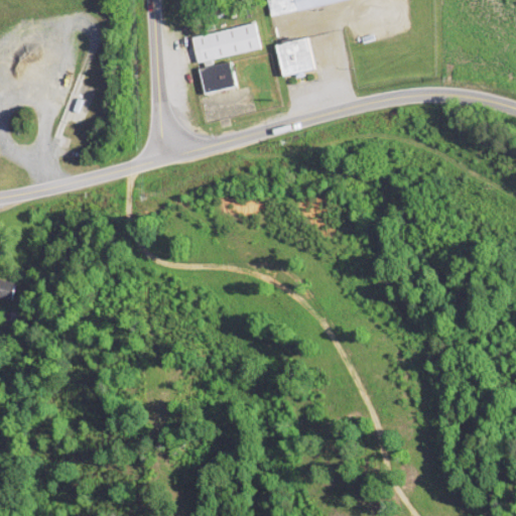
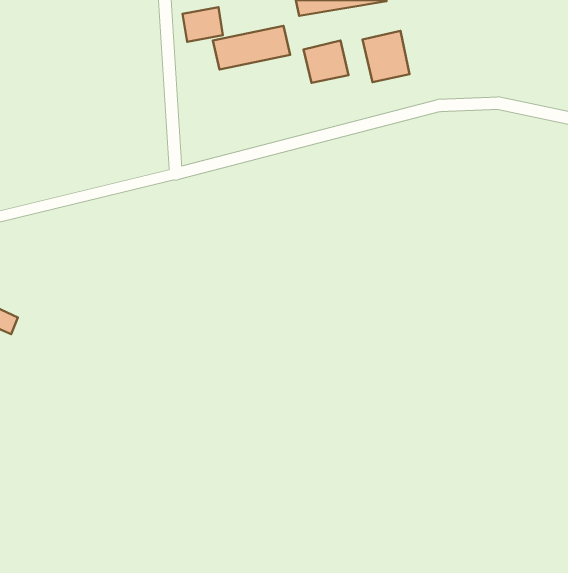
building: none -> [362,31,409,82]
building: [200,61,236,93] -> [183,7,223,42]

